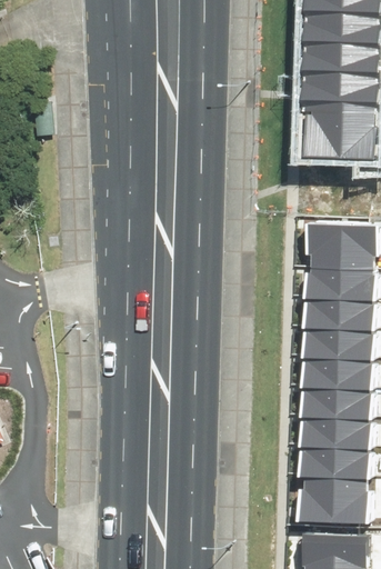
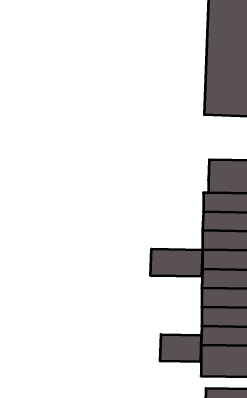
building: none -> [151,249,203,277]
building: none -> [160,334,201,362]

